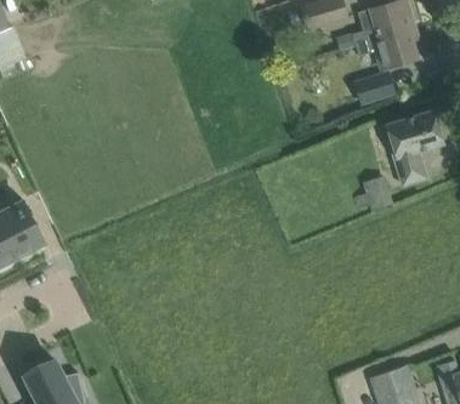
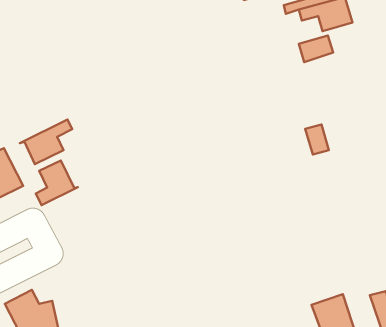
building: [386,110,443,186] -> none
building: none -> [20,119,72,164]
building: none -> [36,160,78,205]

